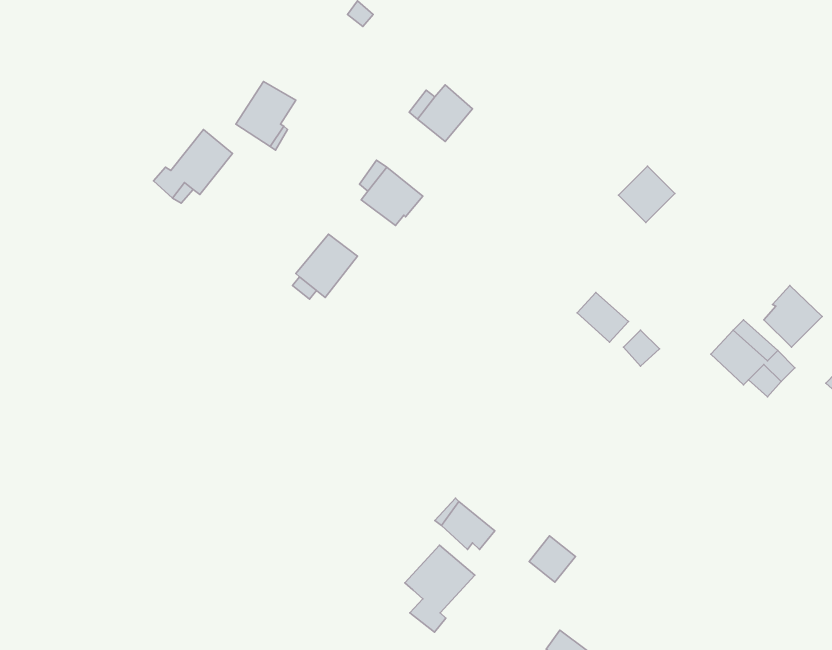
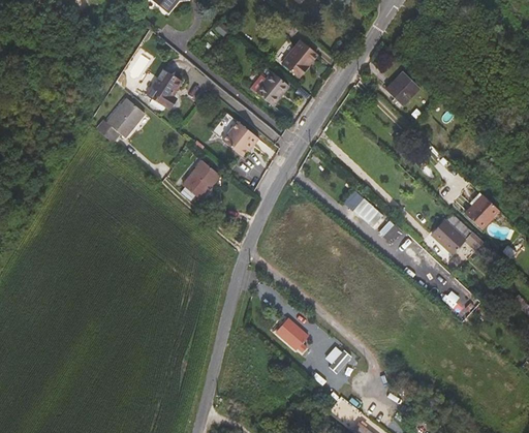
building: none -> [281,39,316,76]
building: [618,166,675,223] -> [385,70,419,104]
building: [405,545,475,632] -> none

